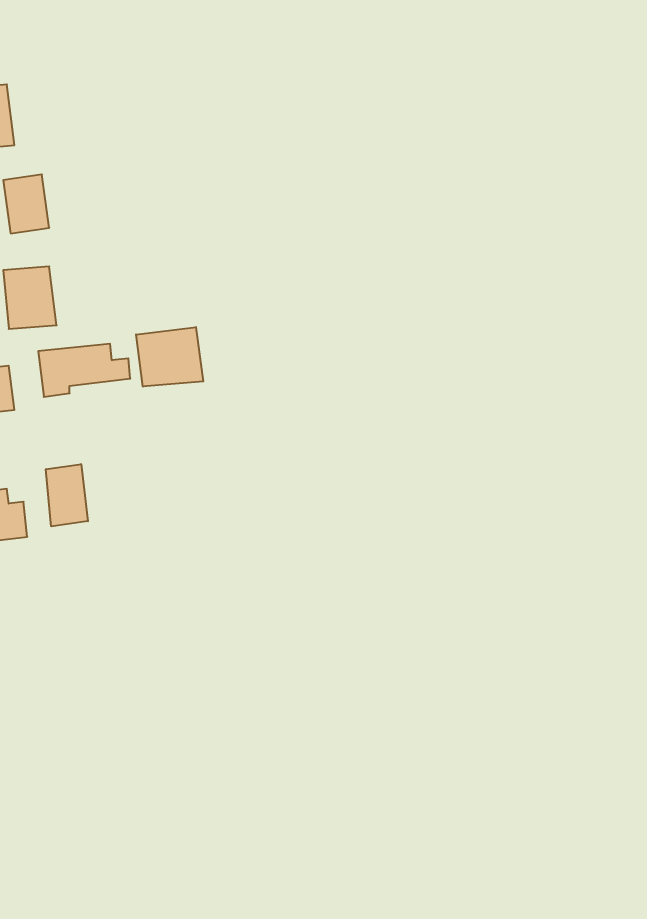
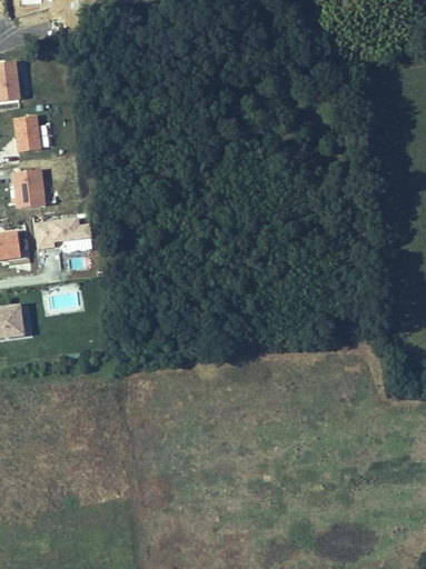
building: [136,327,203,387] -> none
building: [46,464,88,526] -> none

